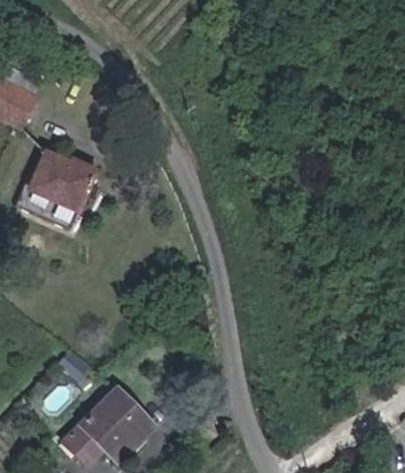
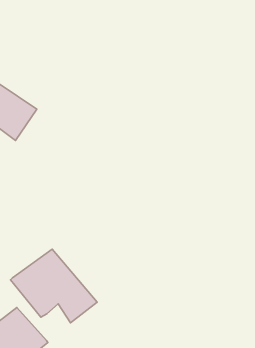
building: none -> [11,249,97,323]

